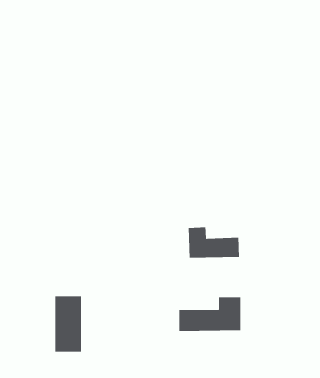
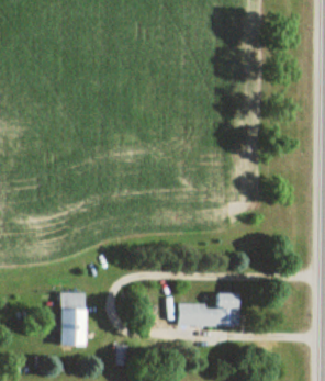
building: [188,227,240,258] -> none

